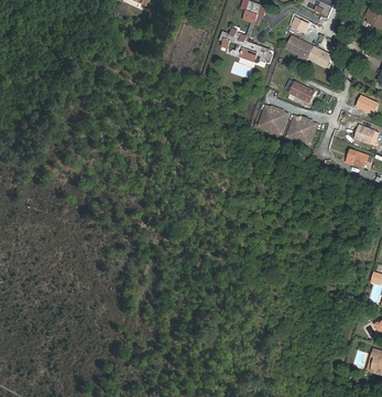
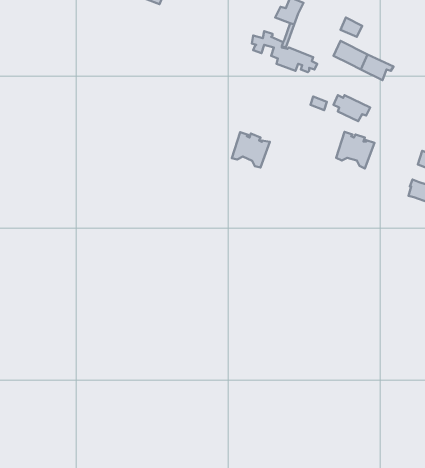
building: [259,99,290,128] -> [232,132,270,168]

